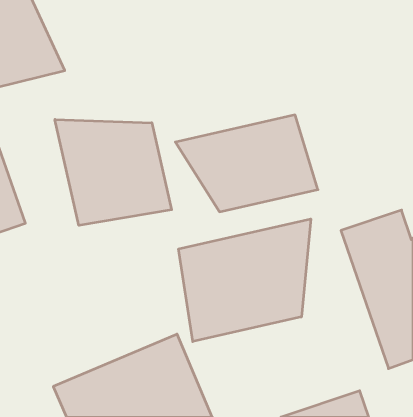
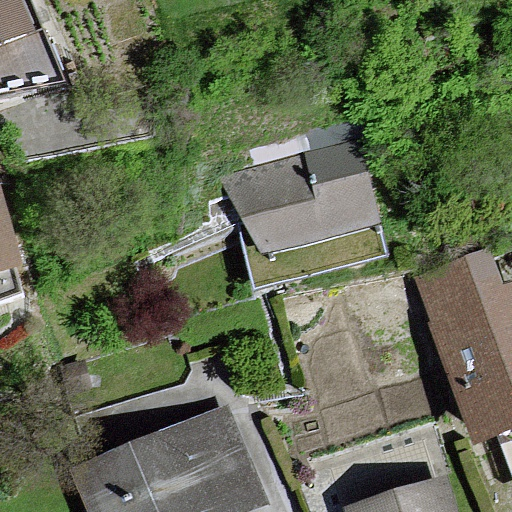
building: [55,119,172,225] -> none
building: [179,219,311,342] -> none

